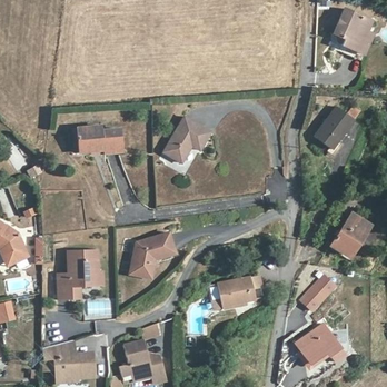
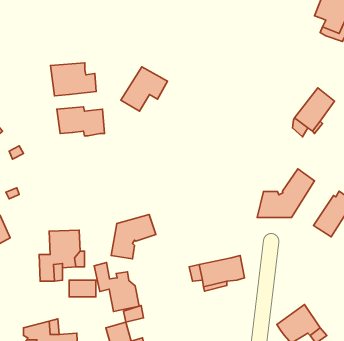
building: none -> [51,63,96,96]
building: [162,117,209,161] -> [121,67,167,111]
building: none -> [257,169,314,217]
building: [299,275,334,310] -> none
building: none -> [94,263,139,312]

